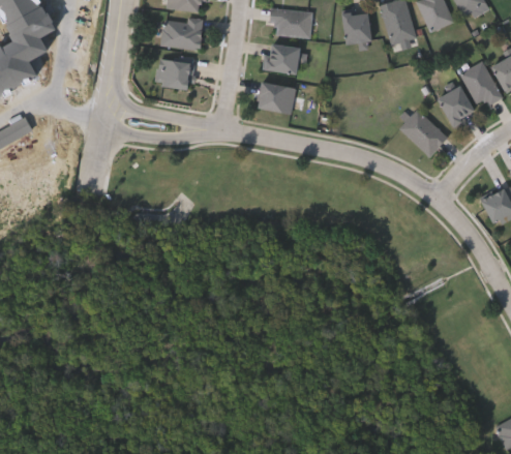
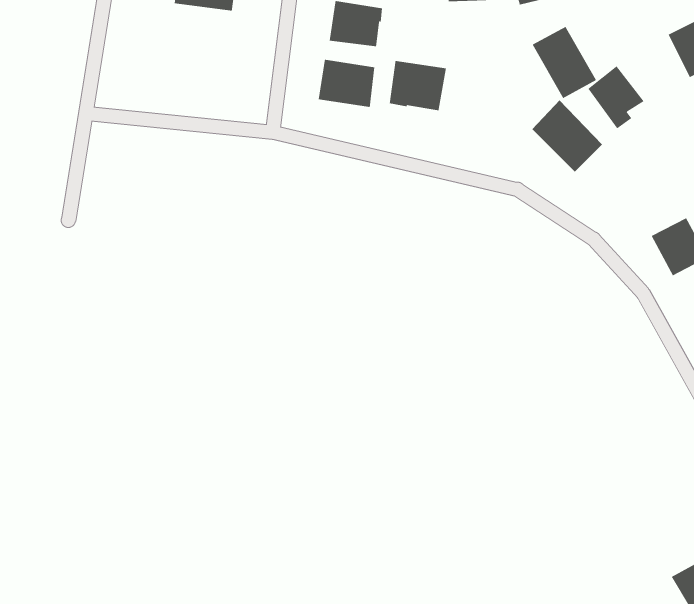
building: [161,58,192,88] -> none
building: [459,61,503,110] -> [532,26,597,99]
building: none -> [389,60,447,111]

